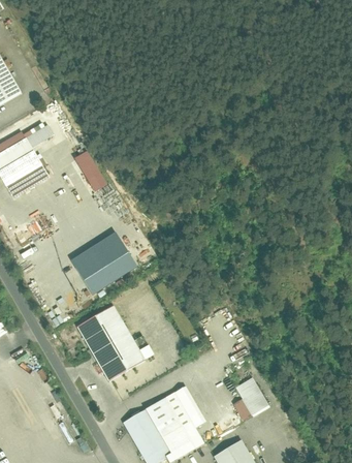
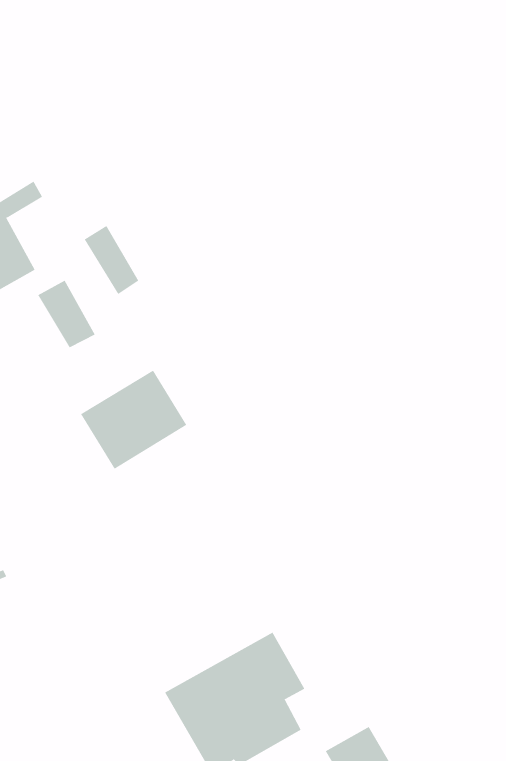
building: none -> [38,280,96,348]
building: [76,307,154,382] -> none
building: [236,377,269,415] -> none

